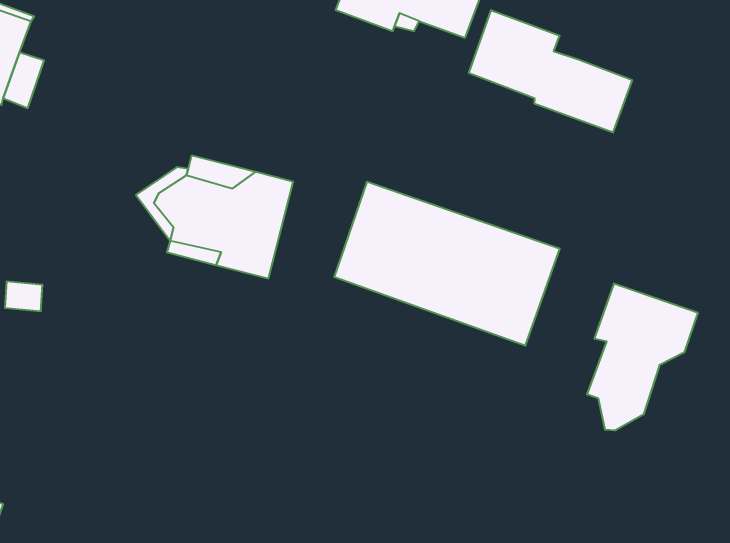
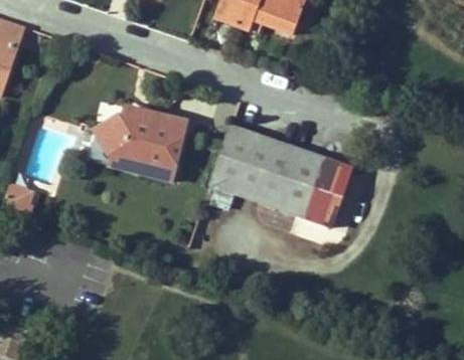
building: [469,10,632,133] -> none
building: [587,283,698,431] -> none

